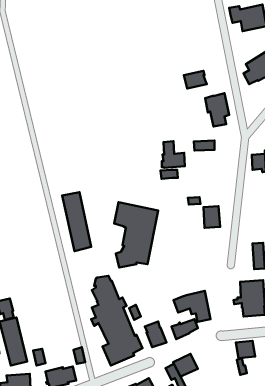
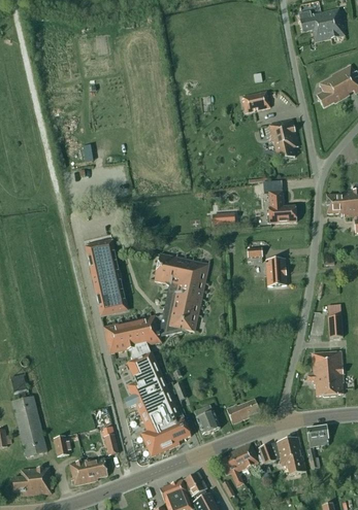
building: [162,141,185,168] -> [267,191,296,224]
building: none -> [104,315,162,352]
building: [173,291,211,322] -> [259,436,305,474]

